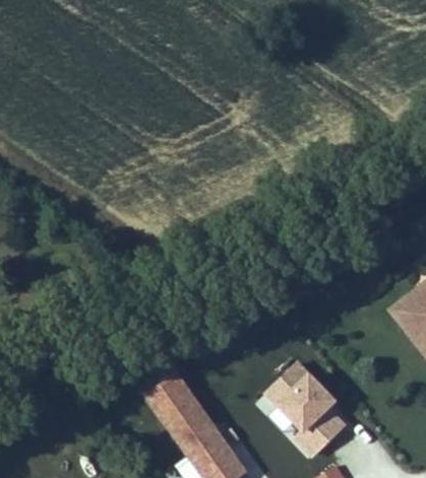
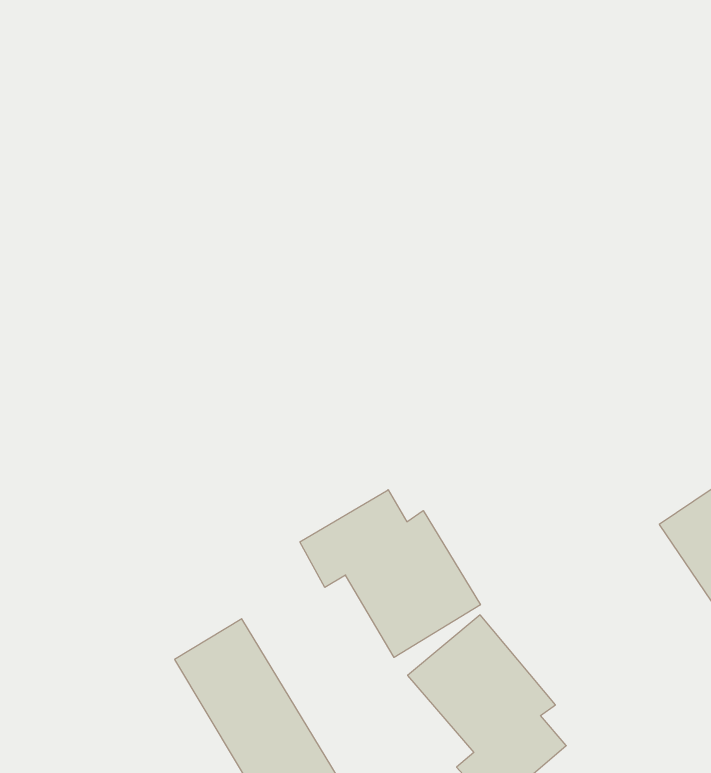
building: none -> [300,490,480,657]

